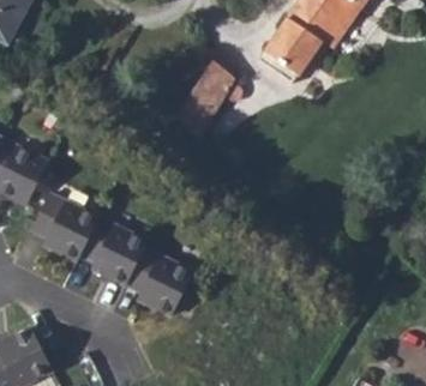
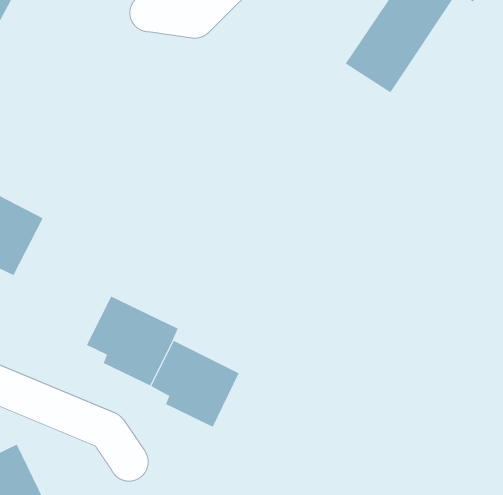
building: [178,65,247,134] -> none
building: [31,198,97,263] -> none

